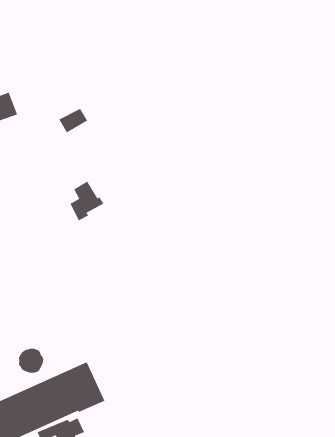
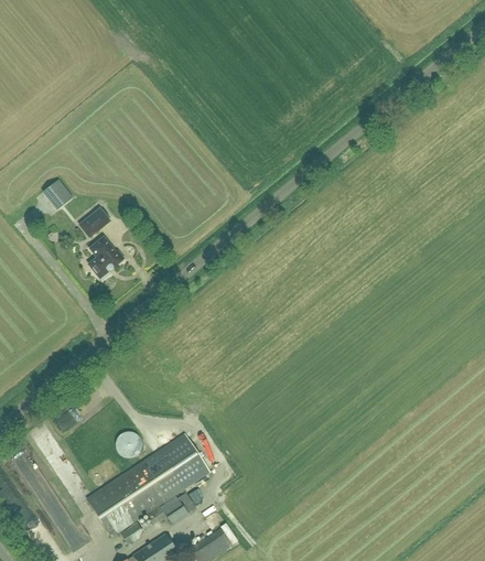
building: [58,108,88,134] -> [78,208,109,237]
building: [70,181,104,221] -> [88,237,123,280]

